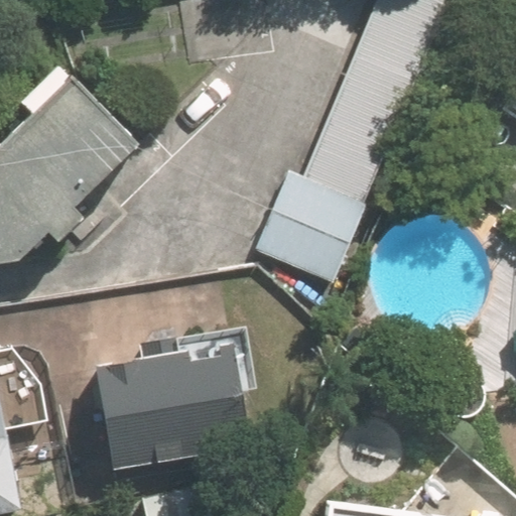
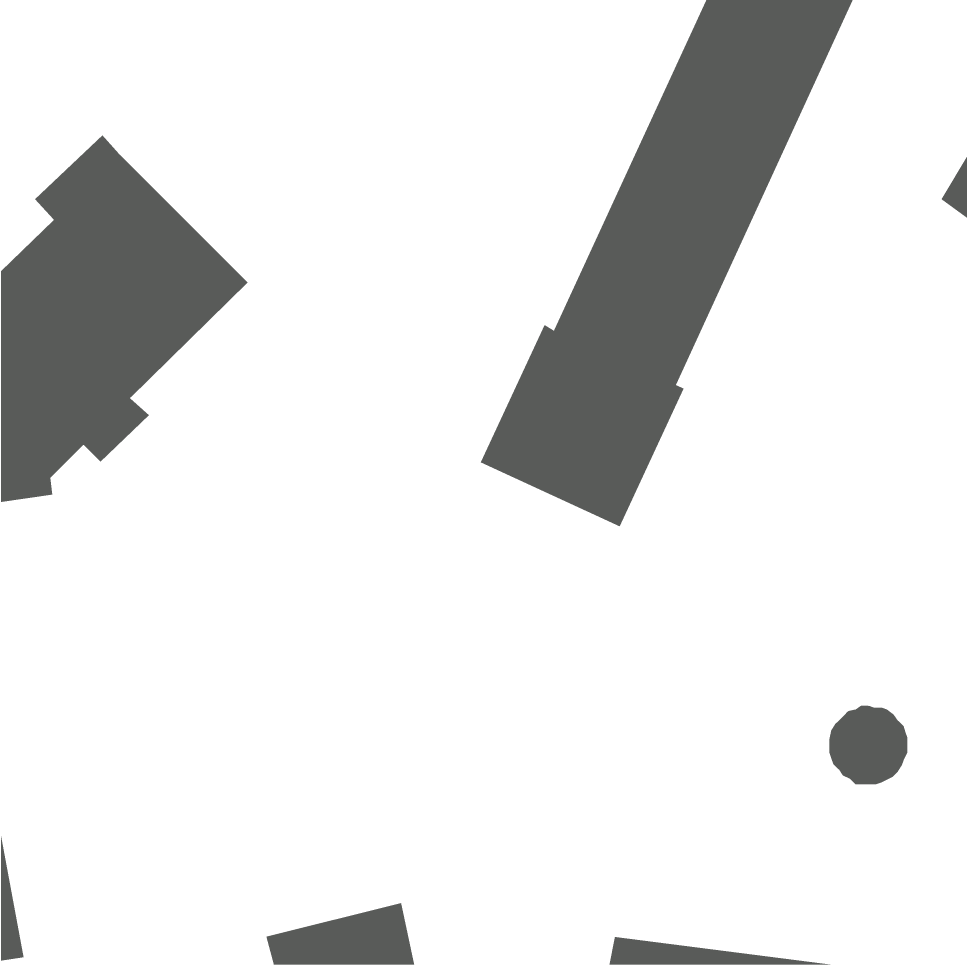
building: [95,332,254,472] -> none

